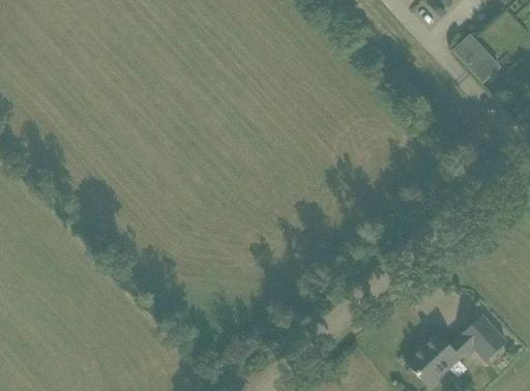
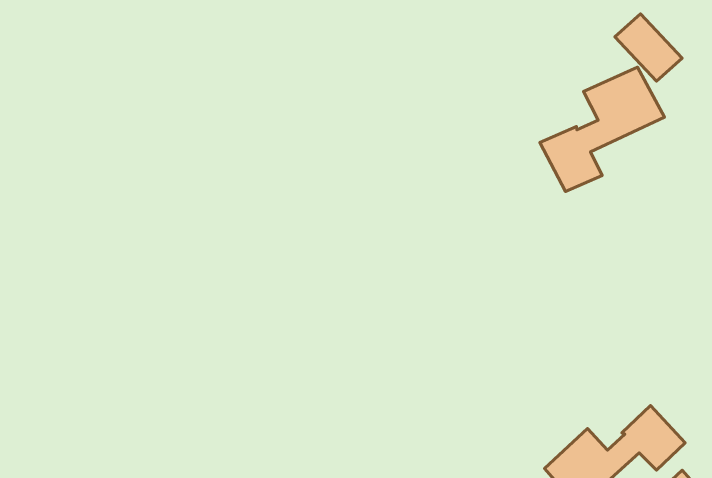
building: none -> [540,67,665,192]

